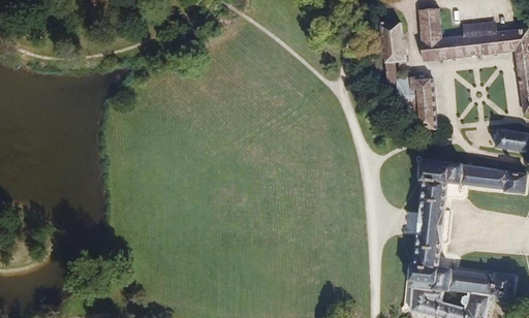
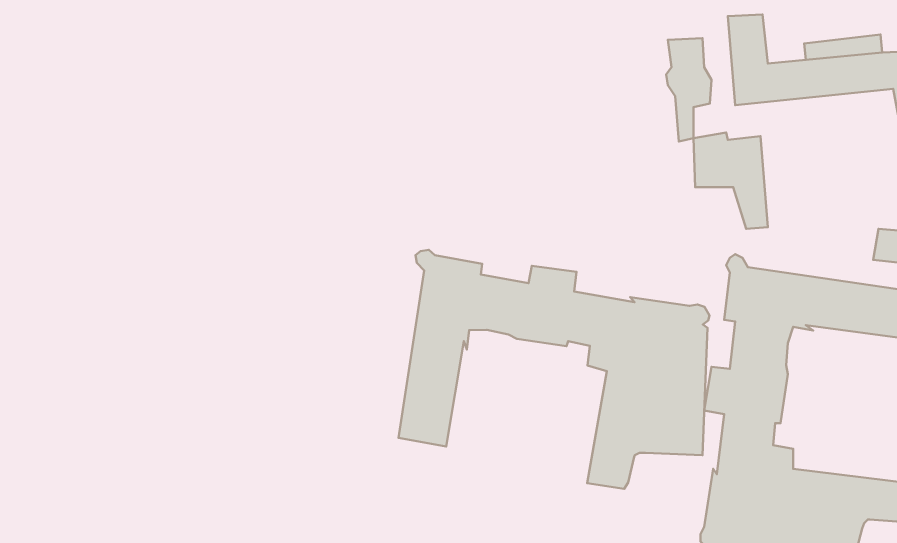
building: none -> [399,250,710,489]

